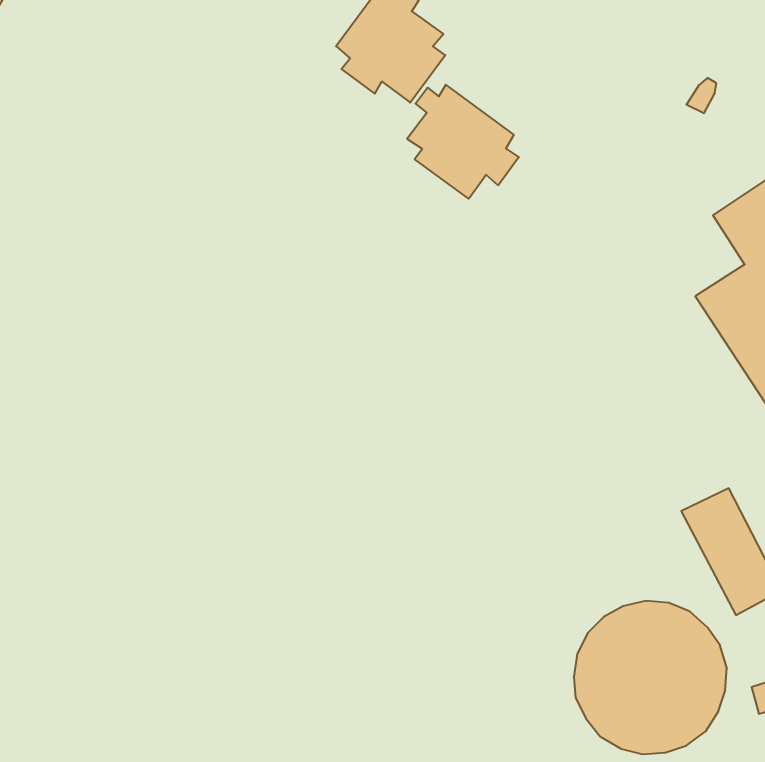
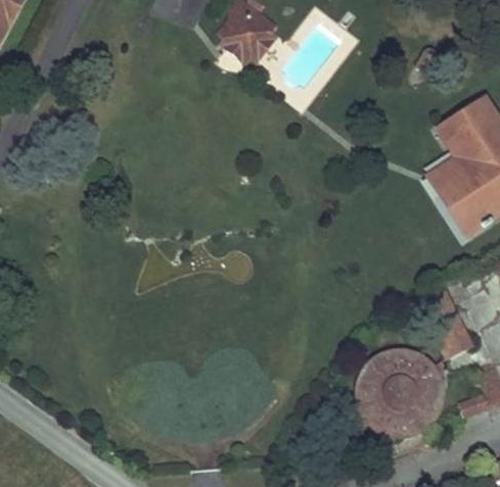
building: [407,85,519,199] -> none

